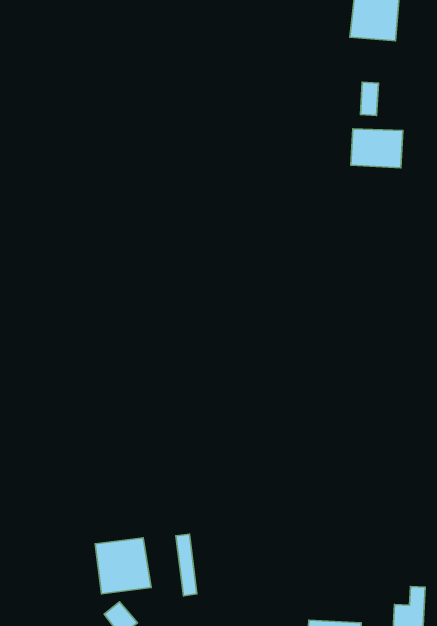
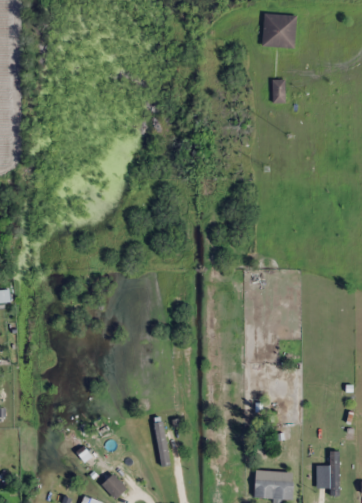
building: [351,129,403,168] -> none
building: [95,538,151,594] -> none

